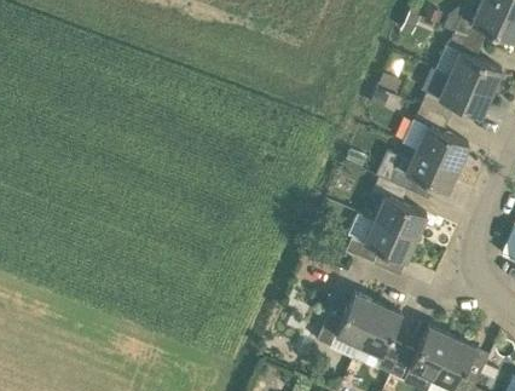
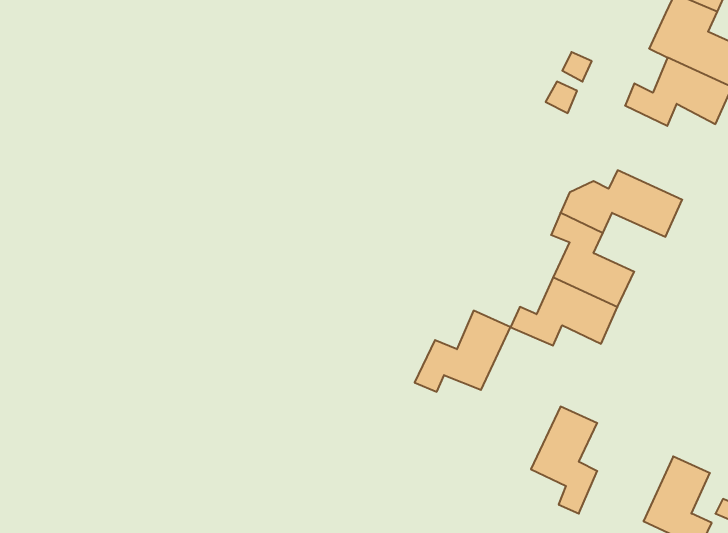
building: [405,107,469,168] -> none
building: [316,293,378,346] -> [415,311,511,392]
building: [390,327,452,380] -> none

